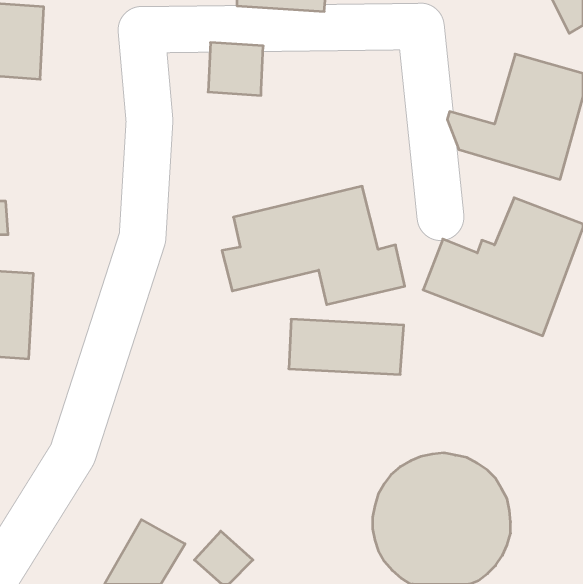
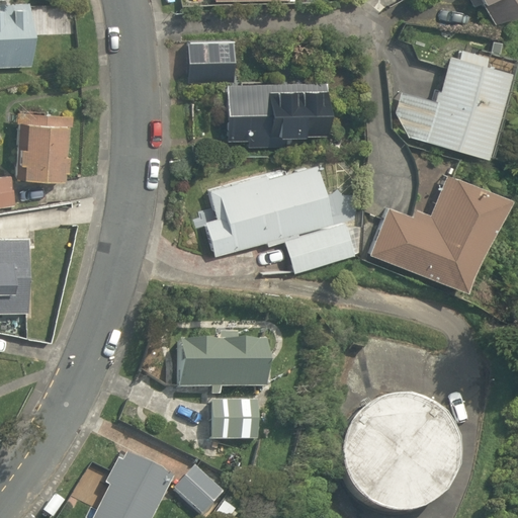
building: none -> [230,79,335,146]
building: none -> [18,105,76,181]
building: [289,319,404,374] -> [170,341,271,390]
building: none -> [205,397,254,445]

